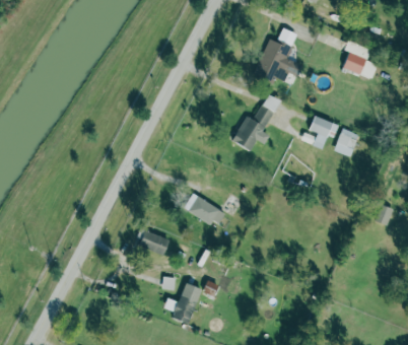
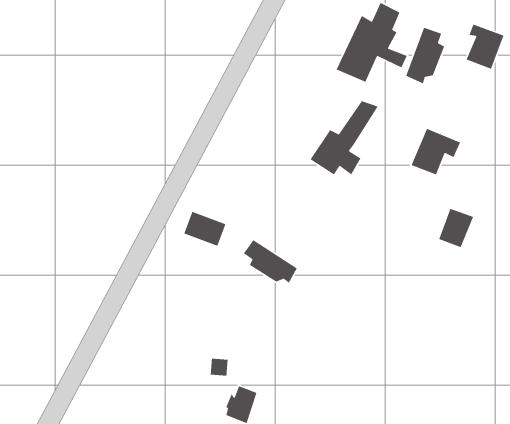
building: none -> [405,27,445,84]
building: [334,129,359,157] -> [438,208,474,248]
building: [139,230,169,256] -> [183,211,227,247]

